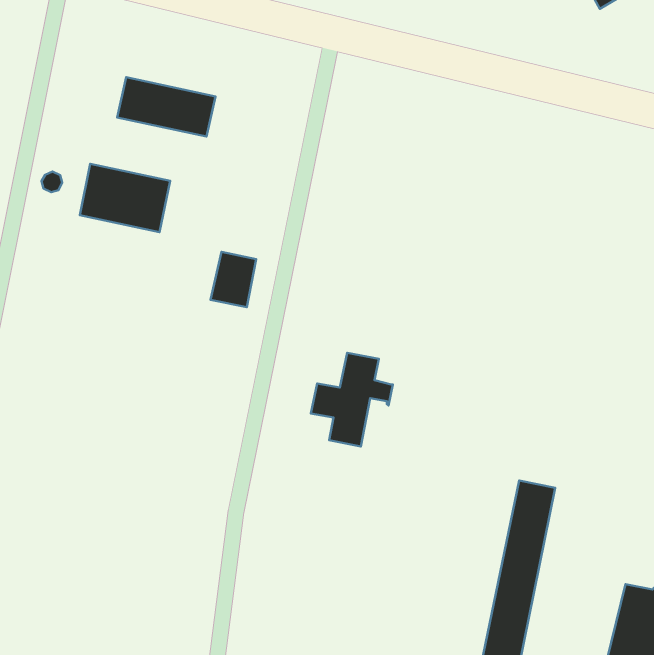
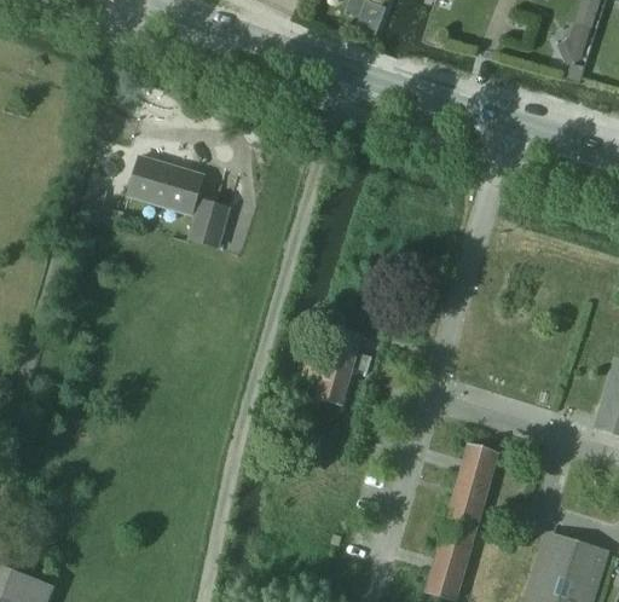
building: [117,77,216,137] -> none
building: [211,252,256,307] -> [190,199,230,247]

